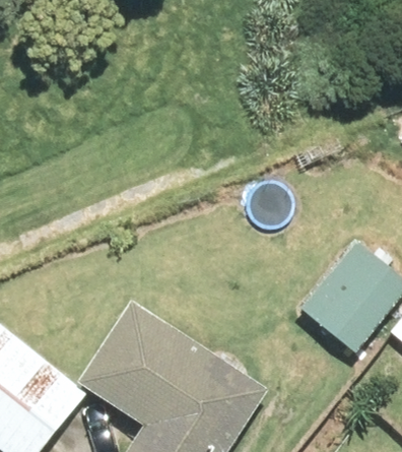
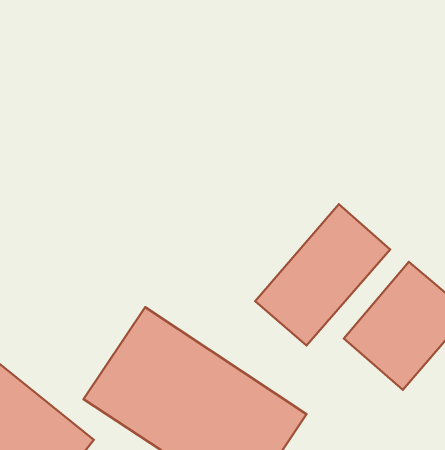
building: none -> [255,204,390,345]

